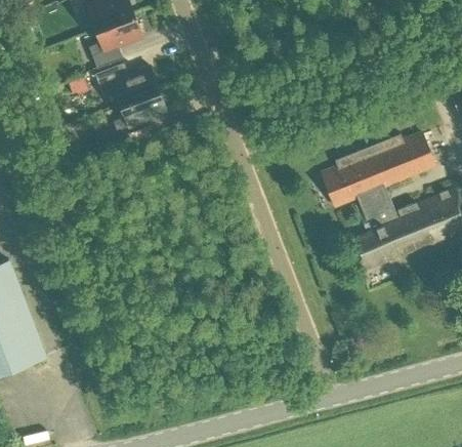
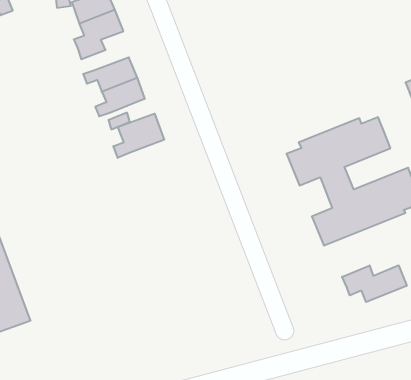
building: none -> [113,114,164,158]
building: none -> [342,265,407,302]

